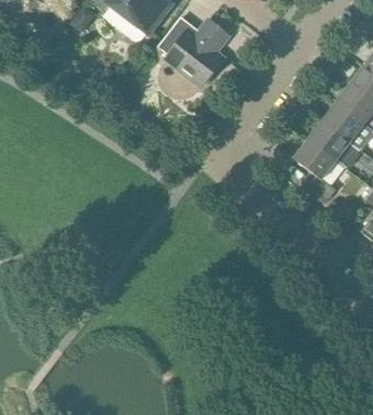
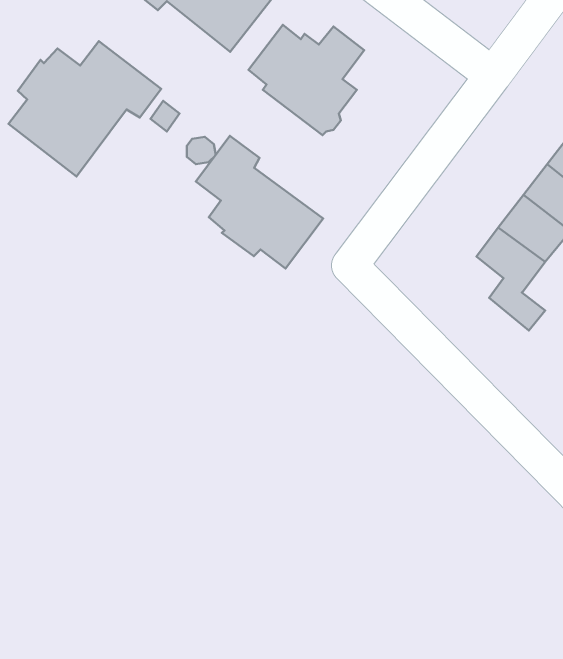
building: none -> [8,41,161,176]
building: none -> [196,136,323,269]

